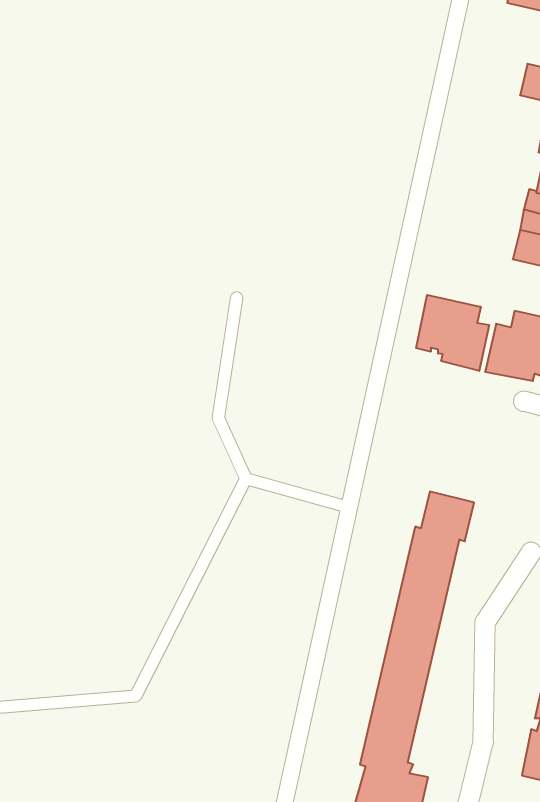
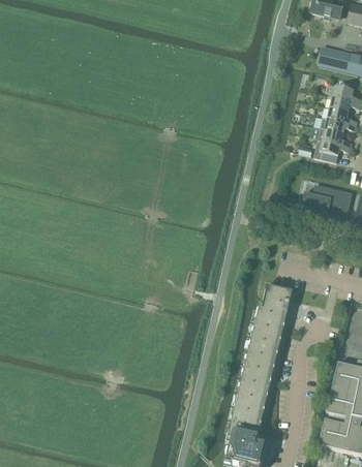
building: [416,295,489,371] -> none

